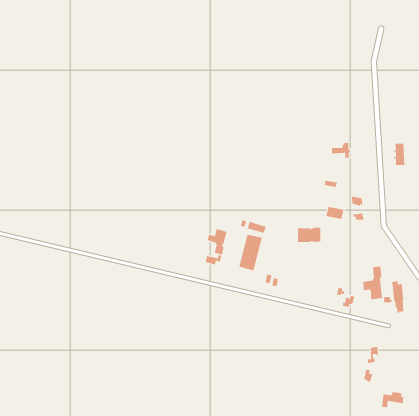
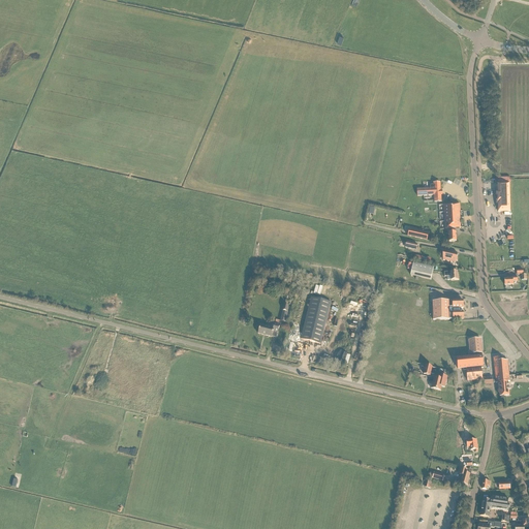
building: none -> [444,201,461,239]
building: [297,227,321,243] -> [433,298,463,317]
building: [207,228,227,255] -> none

